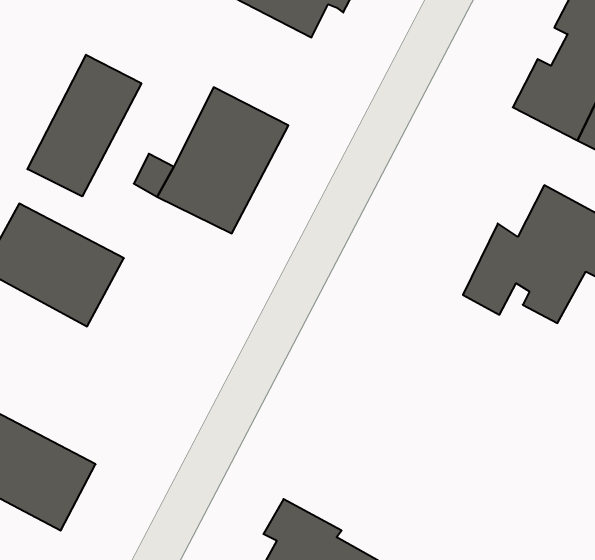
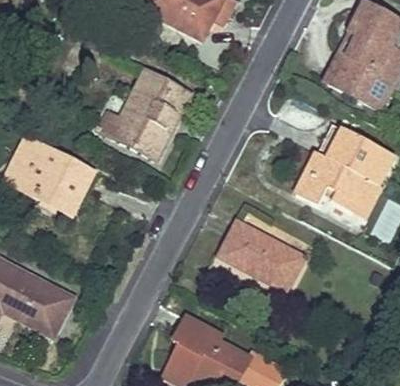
building: [27,55,141,196] -> none
building: none -> [220,220,304,289]

